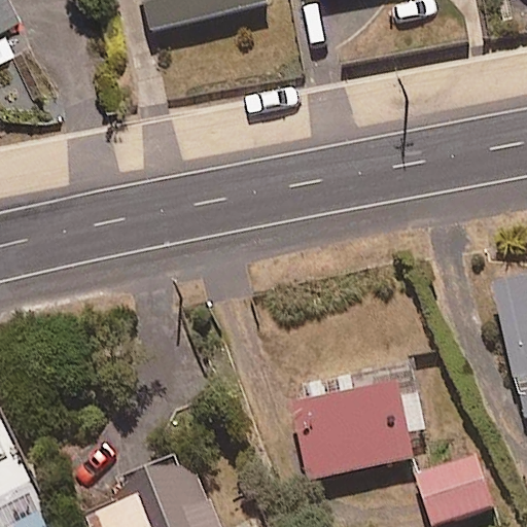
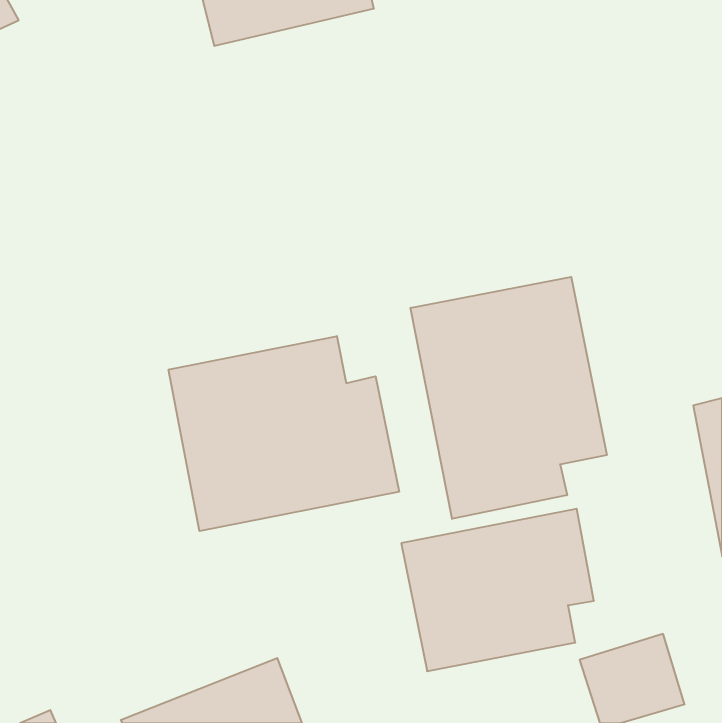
building: none -> [411,277,607,519]
building: none -> [169,336,399,531]

